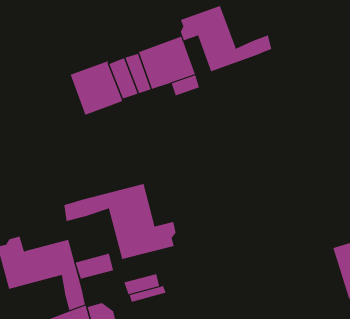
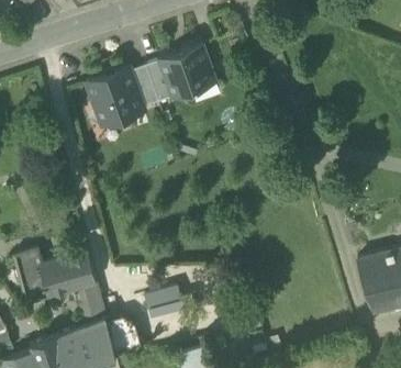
building: [180,5,272,72] -> none
building: [64,183,176,260] -> none
building: [75,253,114,280] -> none

